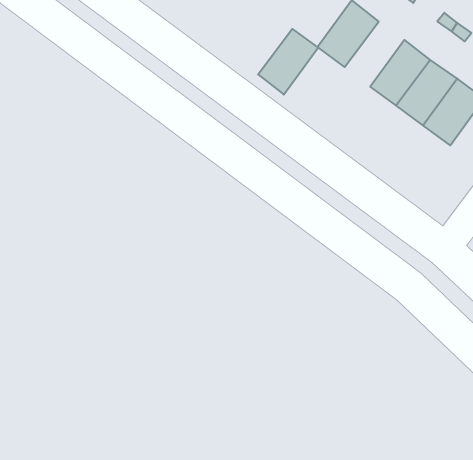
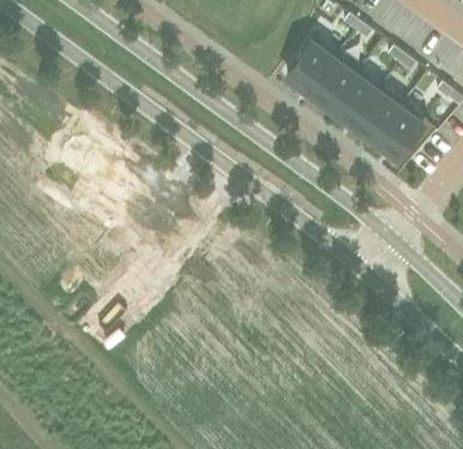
building: [258,29,318,95] -> [309,58,360,113]

